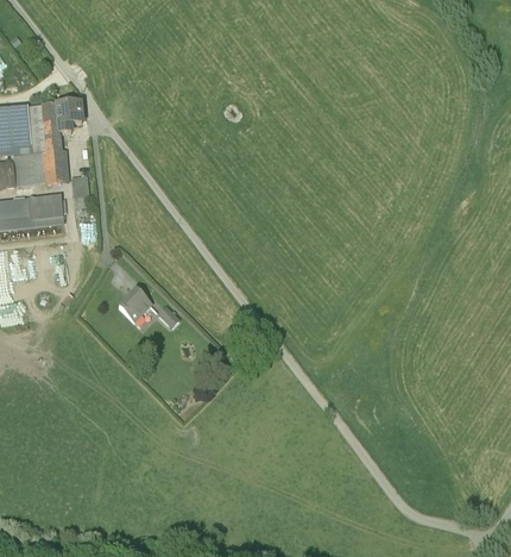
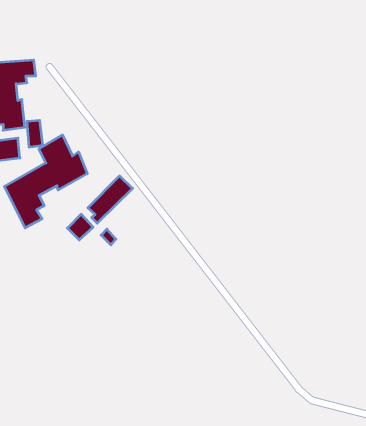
building: none -> [4,135,87,228]
building: none -> [88,176,133,223]

